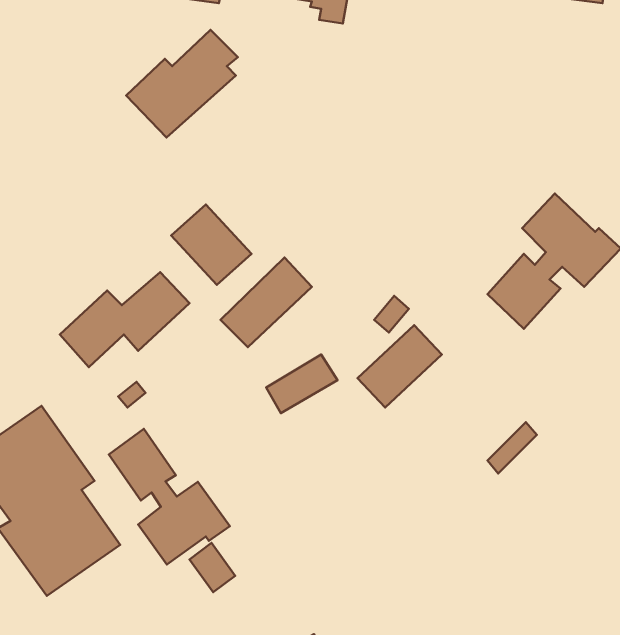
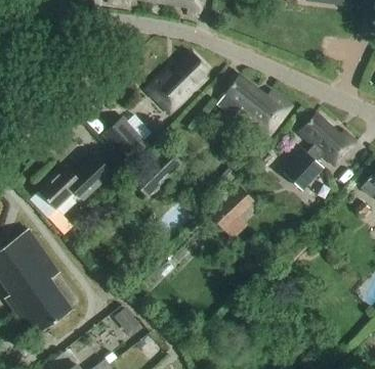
building: [126,30,238,138] -> [145,53,208,113]
building: none -> [215,73,290,135]
building: [109,429,230,565] -> none

